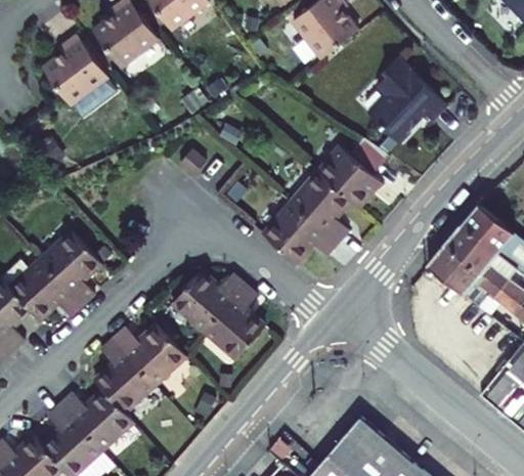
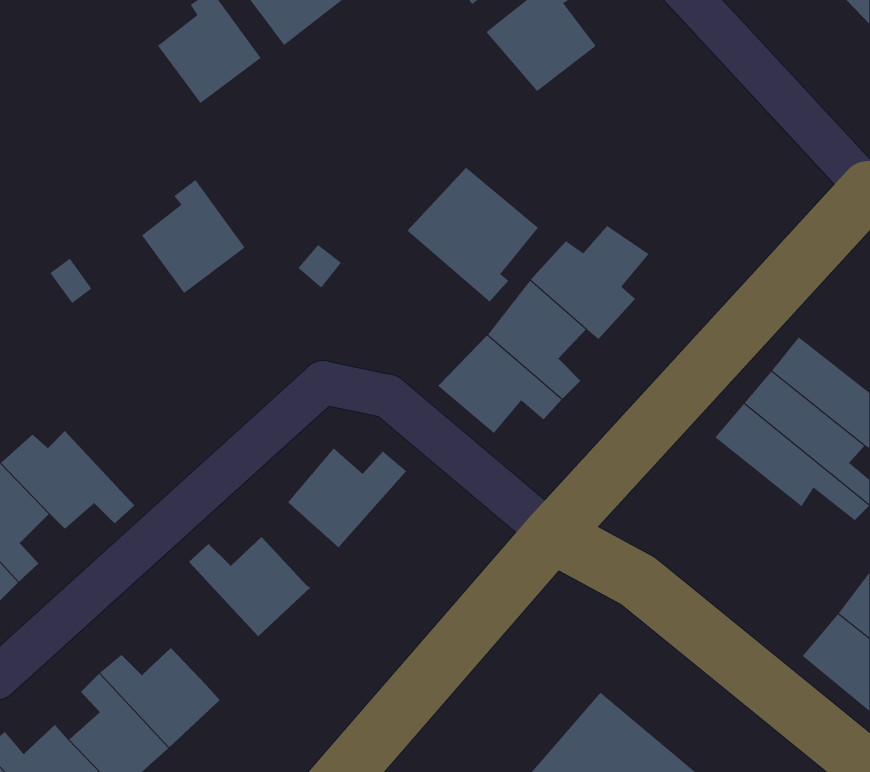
building: [43,37,105,105] -> [141,179,245,294]
building: [367,58,446,143] -> none
building: none -> [406,167,539,303]
building: [39,232,100,306] -> none
building: [203,286,264,359] -> none
building: [94,340,155,414] -> none

